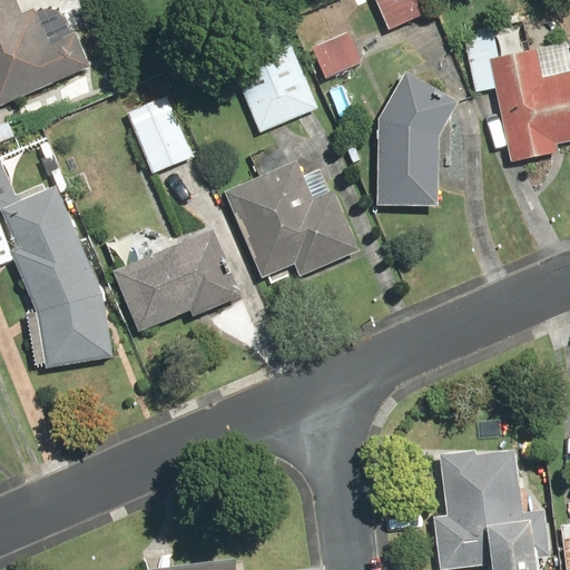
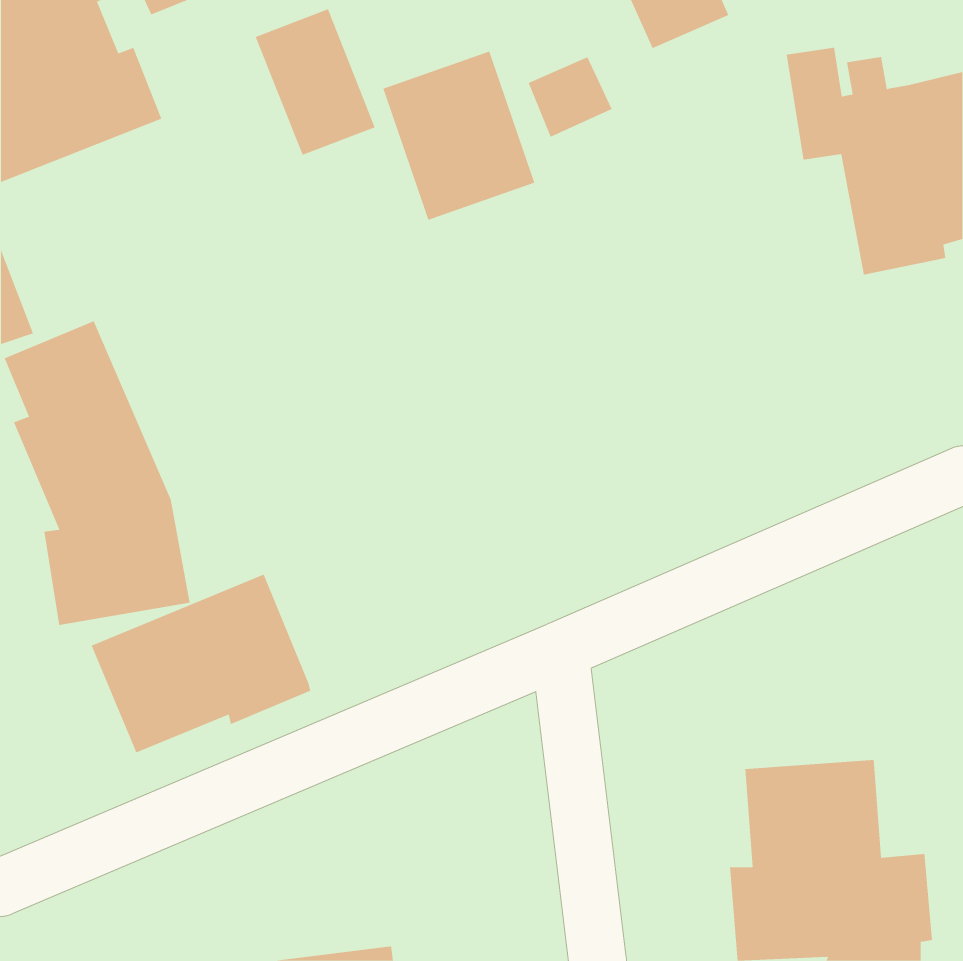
building: [376,72,454,206] -> none
building: [126,89,197,176] -> [255,9,376,156]
building: [224,160,357,283] -> none
building: [110,227,240,333] -> [91,574,311,753]

